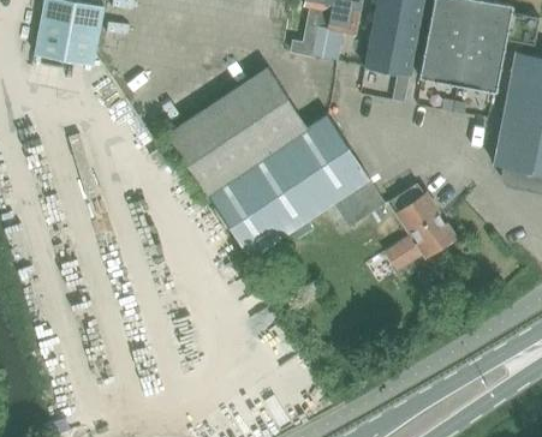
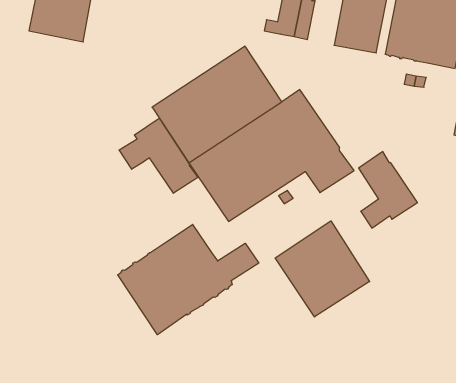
building: none -> [119,118,198,193]
building: none -> [275,221,370,317]
building: none -> [118,224,259,335]

